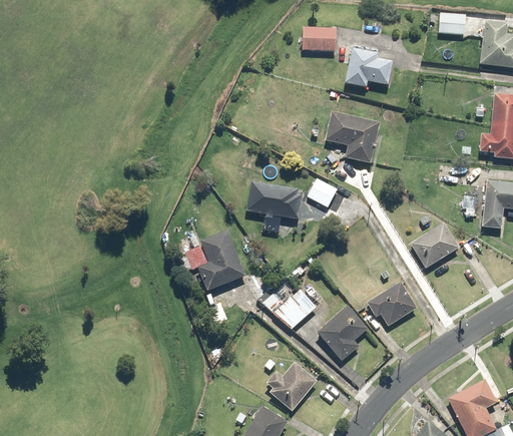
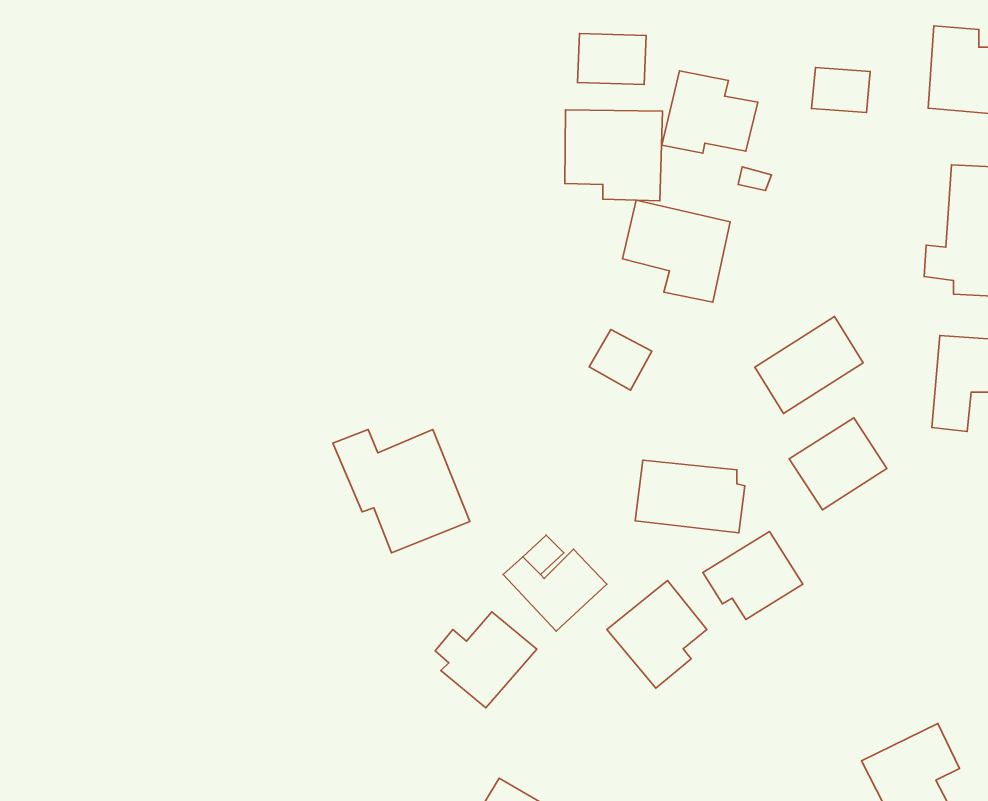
building: [436,12,466,35] -> [812,67,870,113]
building: none -> [565,110,662,201]
building: none -> [755,316,863,414]
building: [245,181,302,219] -> [635,460,745,533]
building: [266,362,318,411] -> [435,612,537,708]

